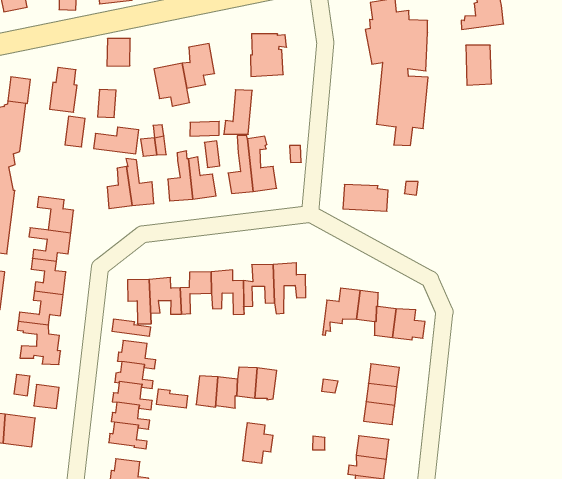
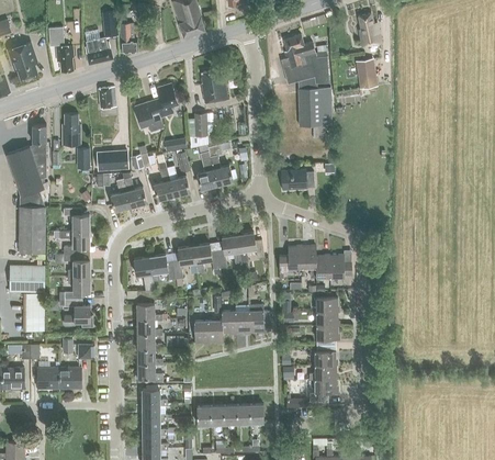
building: [242,423,273,463] -> [249,304,269,332]

